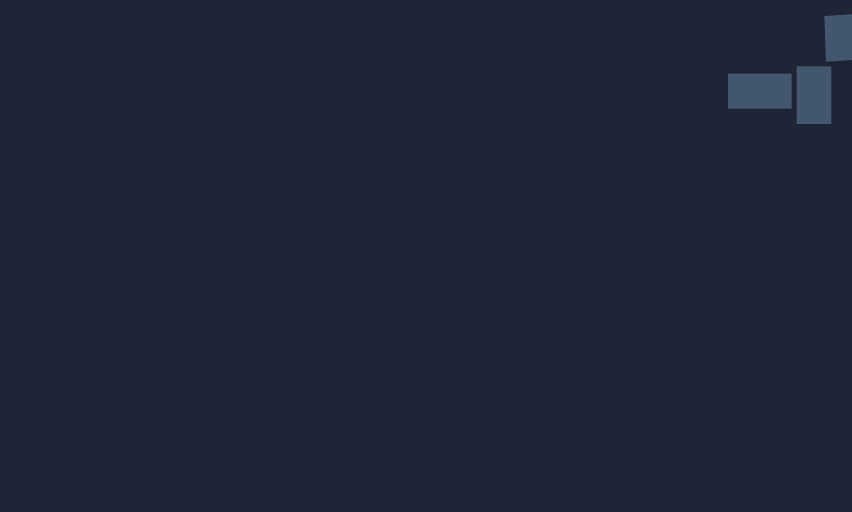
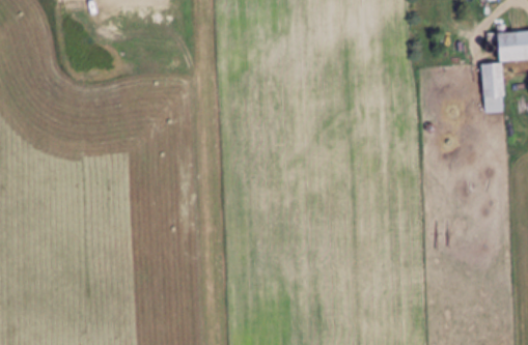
building: [728,73,792,109] -> none

